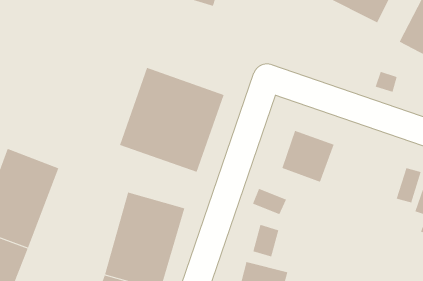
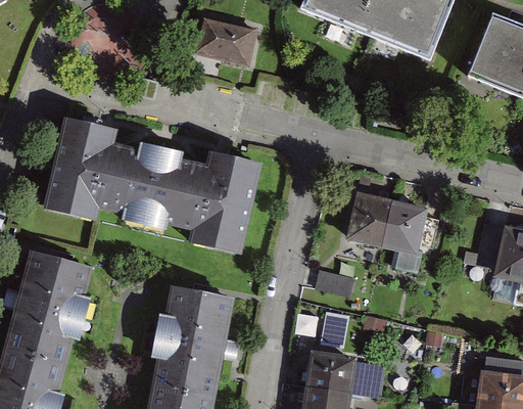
building: none -> [49,117,175,233]
building: none -> [386,206,436,273]

